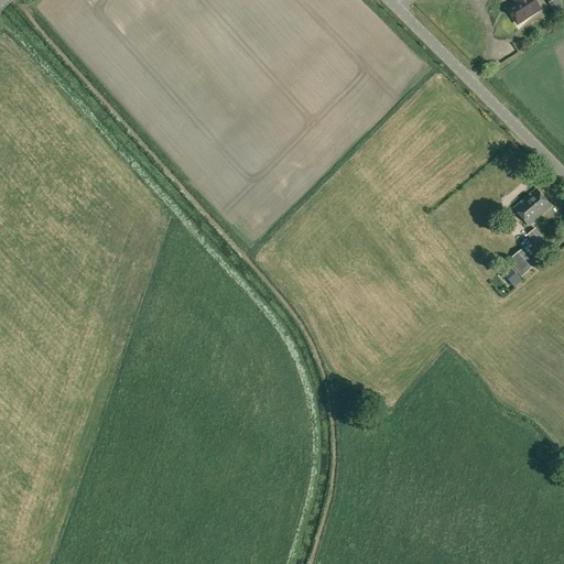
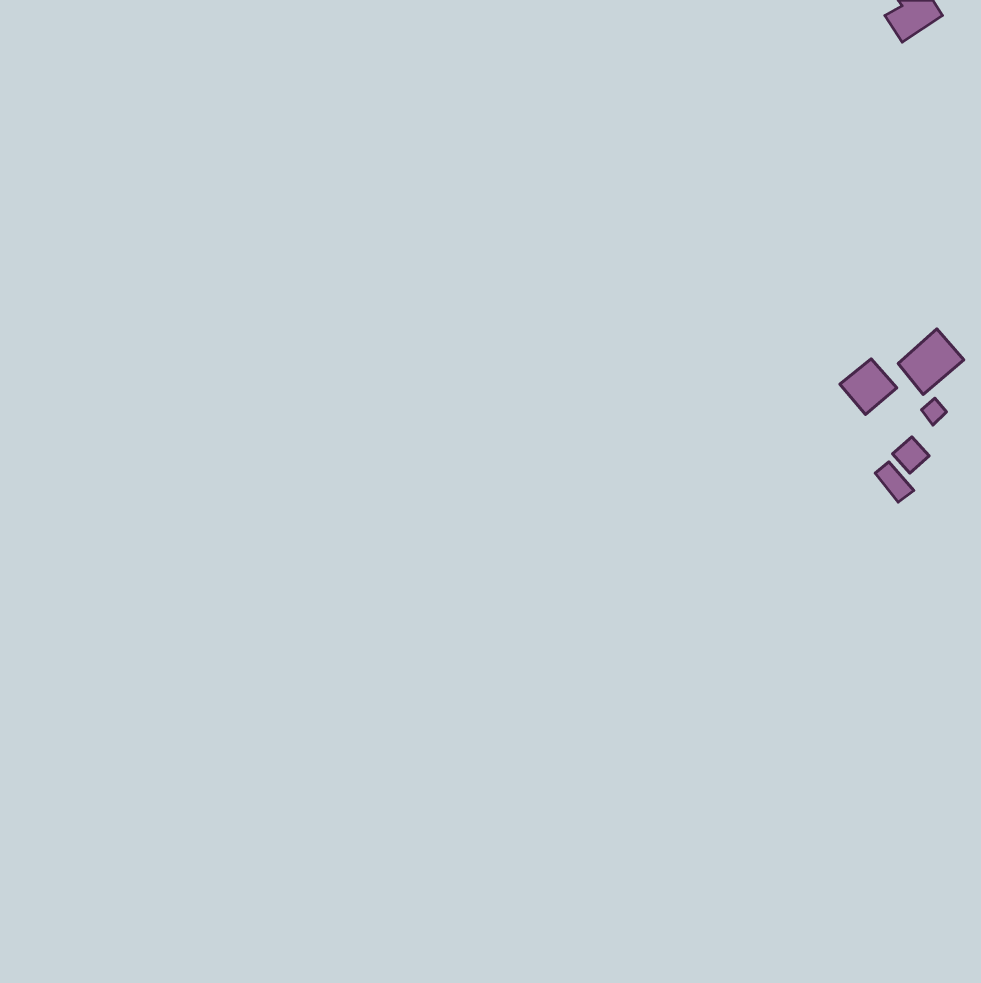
building: none -> [840,359,897,415]

